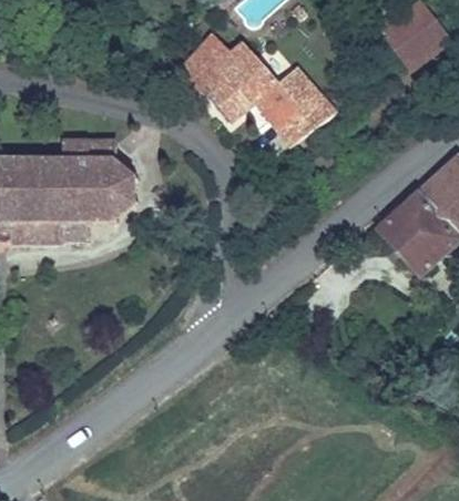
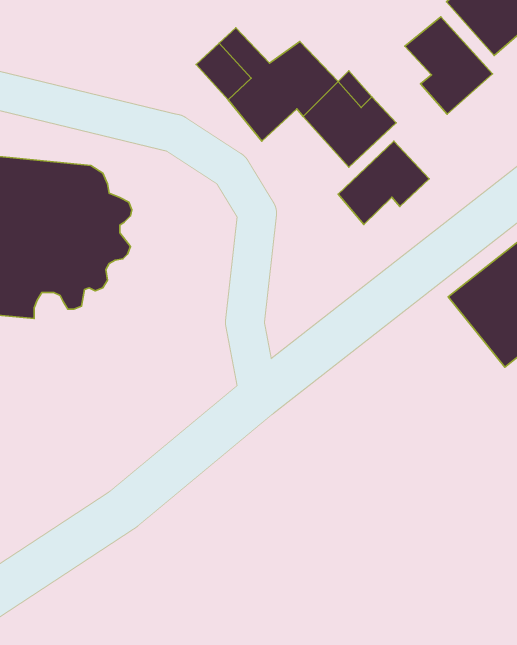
building: none -> [405,17,493,114]
building: none -> [338,141,429,225]

